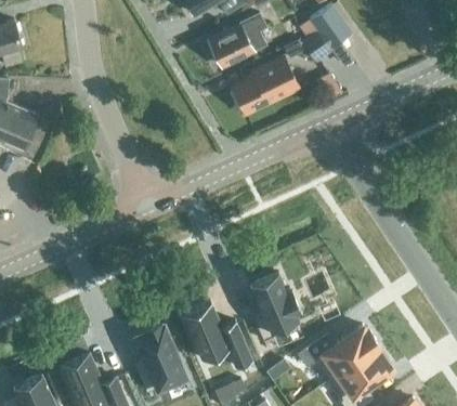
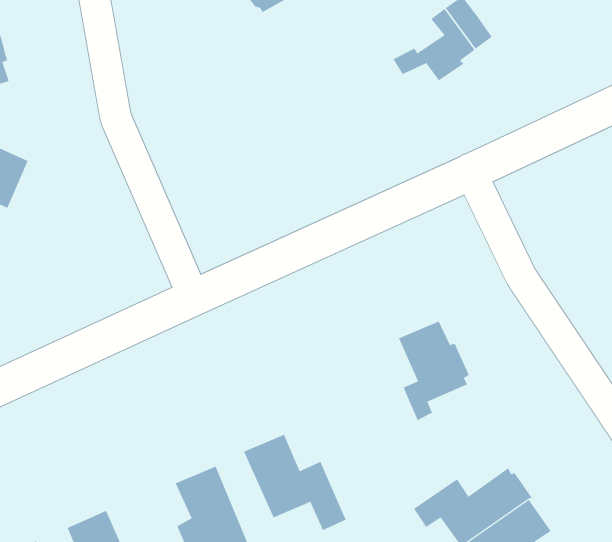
building: [209,14,266,66] -> none
building: [232,53,299,114] -> none
building: [250,273,299,341] -> [398,321,470,421]

